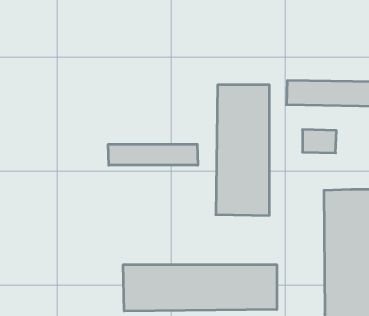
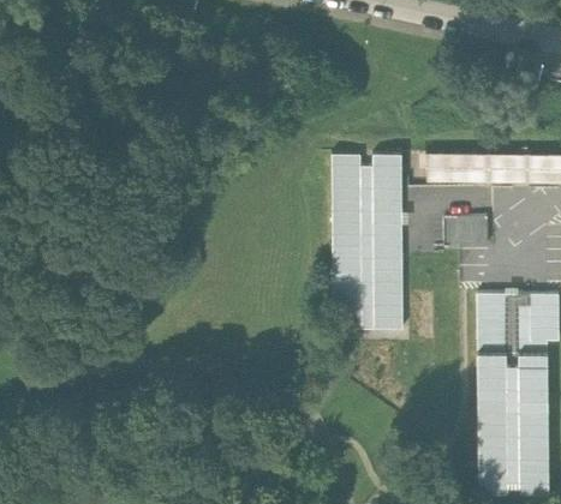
building: [108,144,198,165] -> none
building: [123,265,277,311] -> none

